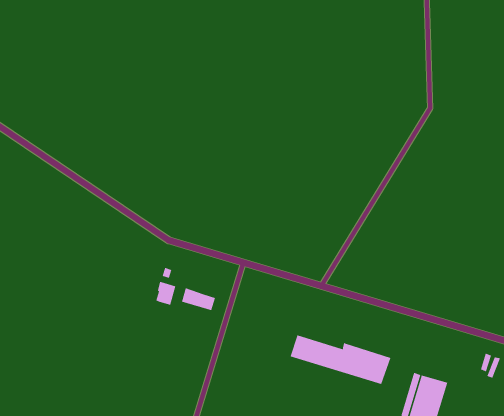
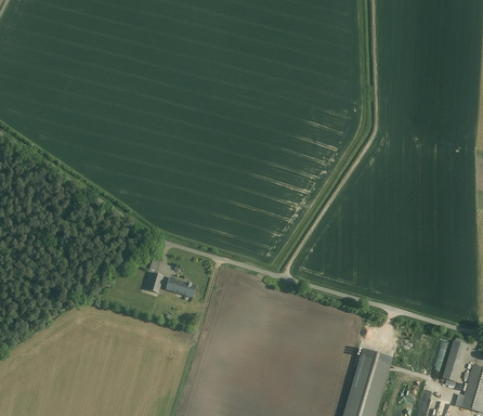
building: [290,335,391,385] -> none

